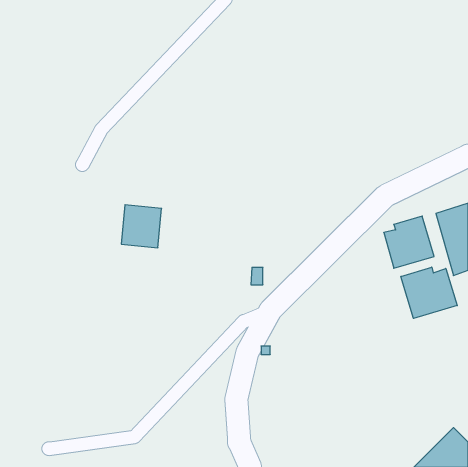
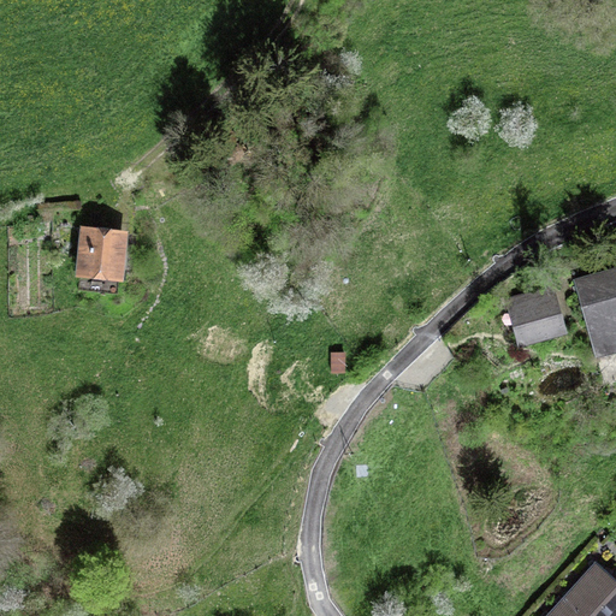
building: [121,205,162,248] -> [76,229,129,285]
building: [401,267,457,318] -> none

